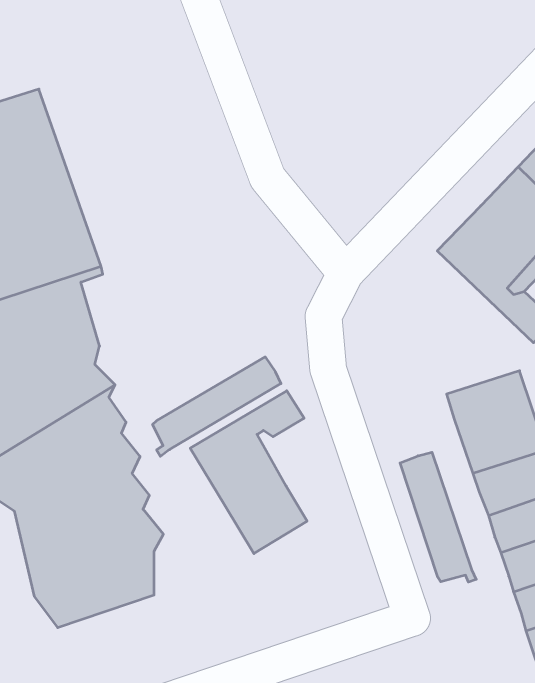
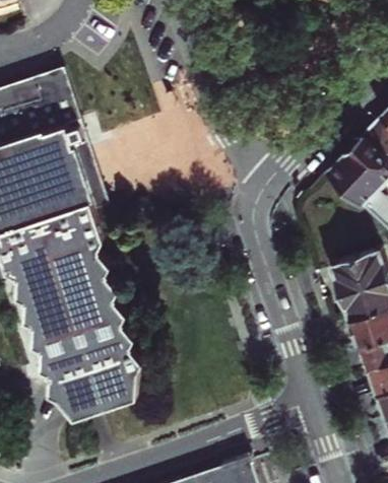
building: [153,357,281,456] -> none
building: [190,391,307,554] -> none
building: [400,452,476,582] -> none

